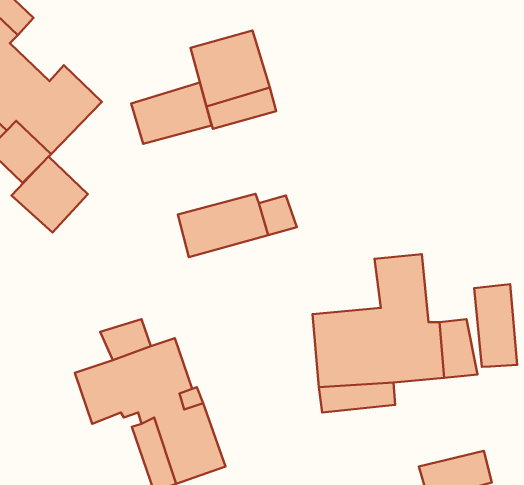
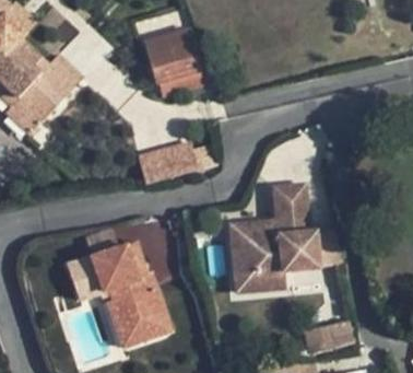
building: [131,82,212,144] -> none
building: [12,157,88,232] -> none
building: [474,284,517,367] -> none

